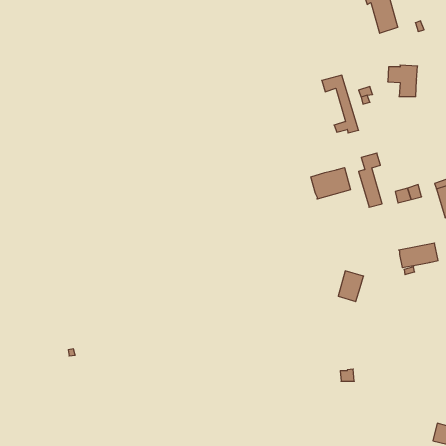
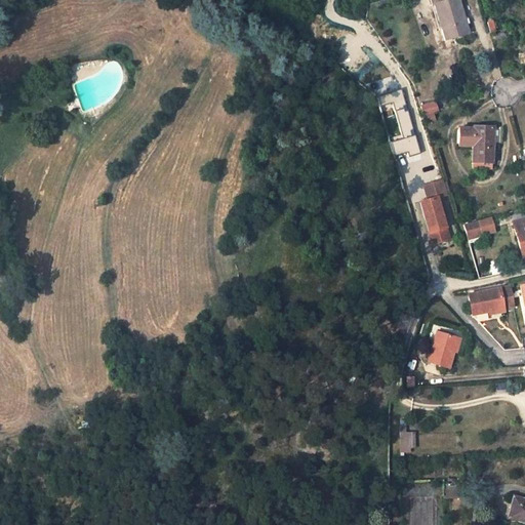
building: [388,65,418,97] -> [459,125,494,162]
building: [311,168,351,199] -> none
building: [338,271,364,302] -> [429,331,458,367]

